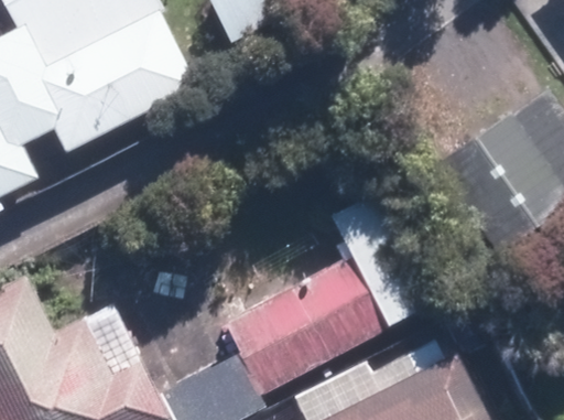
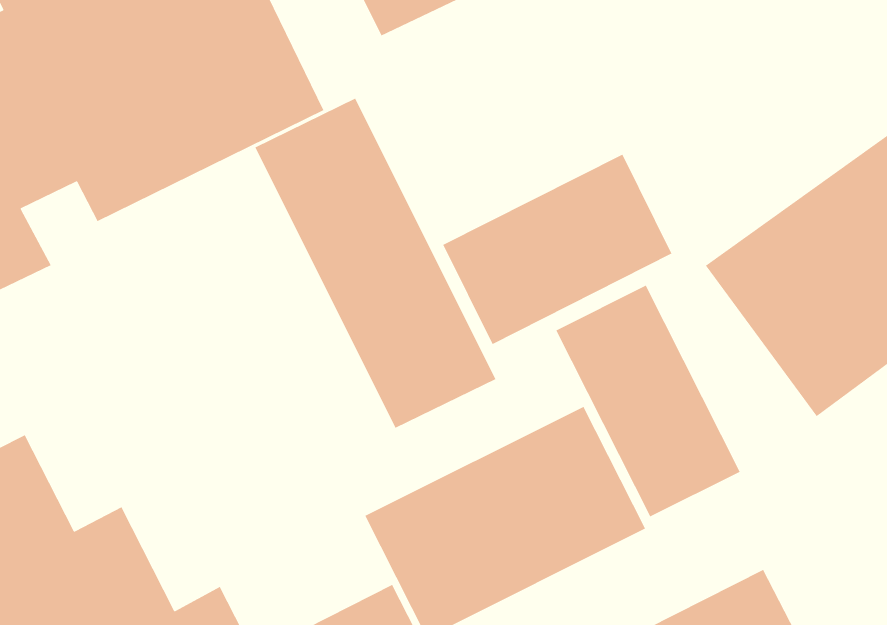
building: none -> [254,98,496,429]
building: none -> [442,153,673,345]

